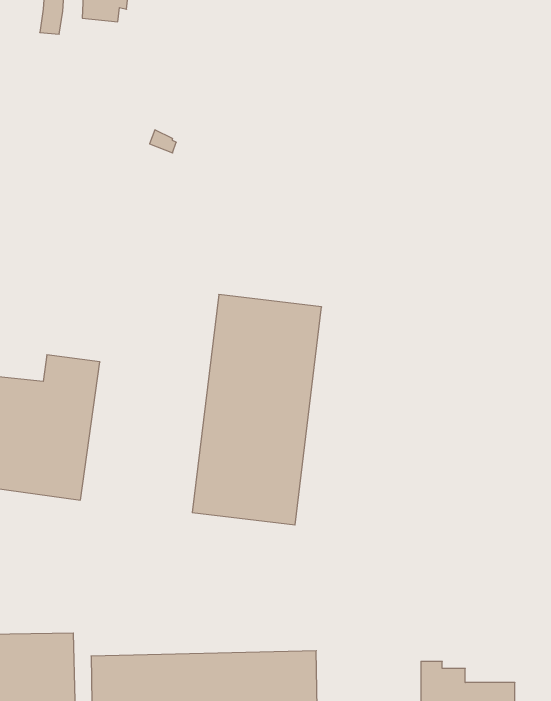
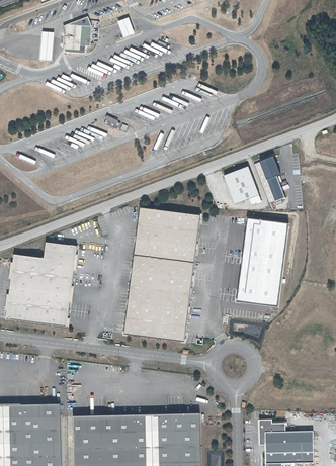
building: none -> [253,155,284,203]
building: none -> [222,165,260,205]
building: none -> [236,217,287,306]

